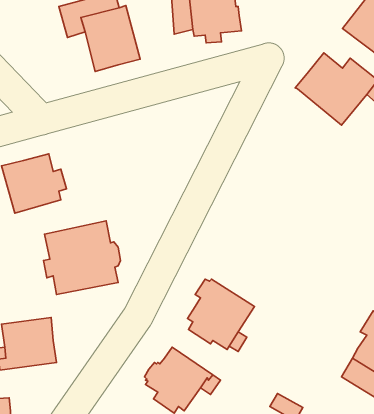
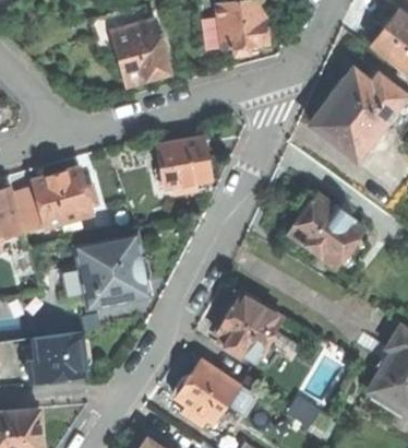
building: none -> [311,104,370,157]
building: none -> [157,139,211,196]
building: none -> [289,192,367,276]

